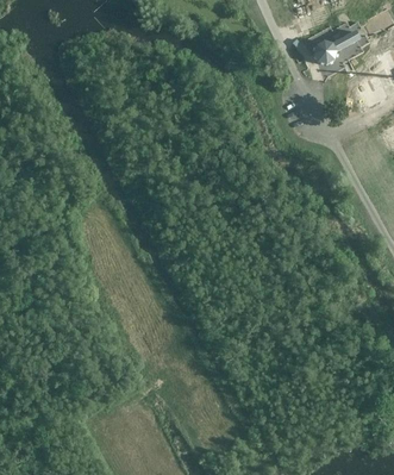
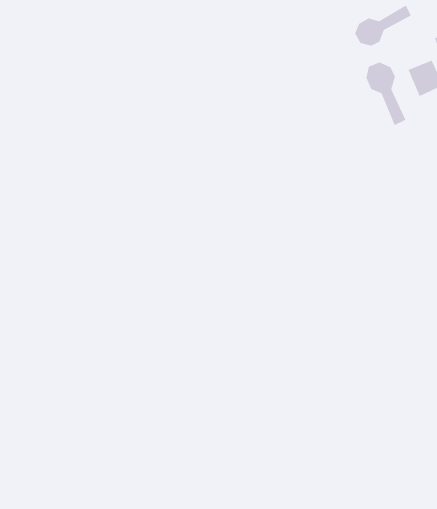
building: none -> [366,61,406,126]

